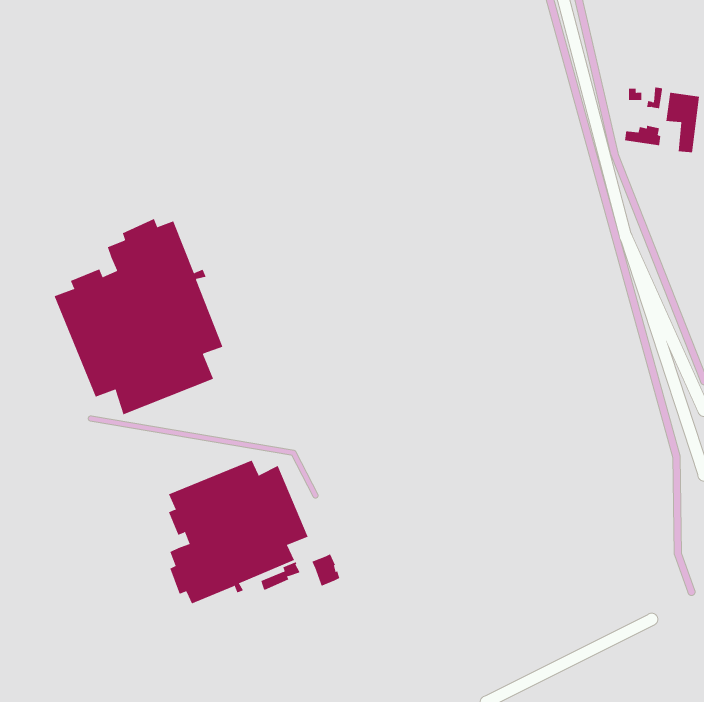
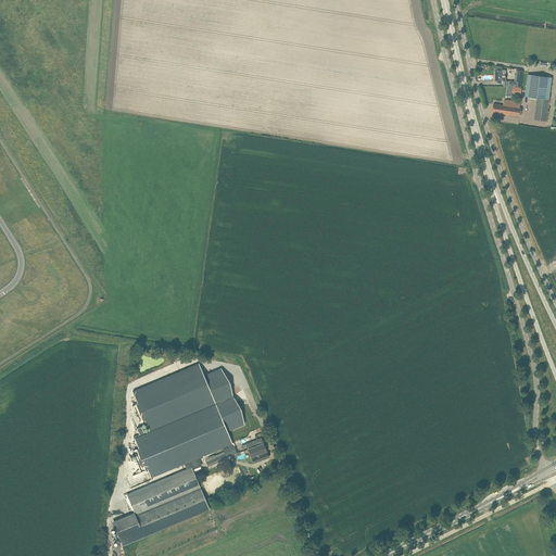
building: [54,218,223,415] -> none
building: none -> [111,466,210,545]

